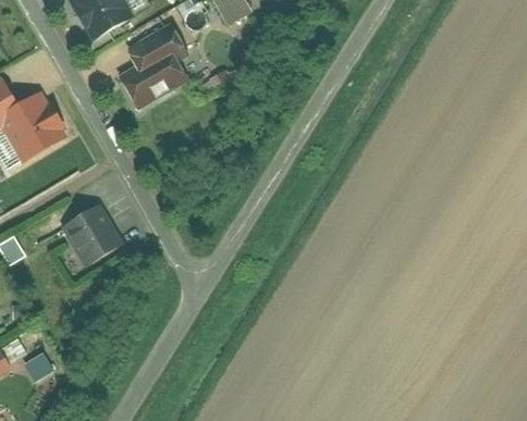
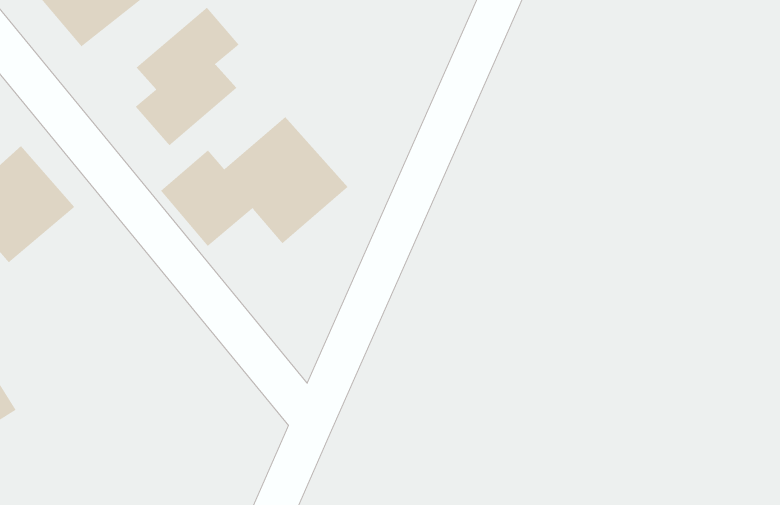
building: none -> [160,116,348,247]
building: [62,202,125,267] -> none

